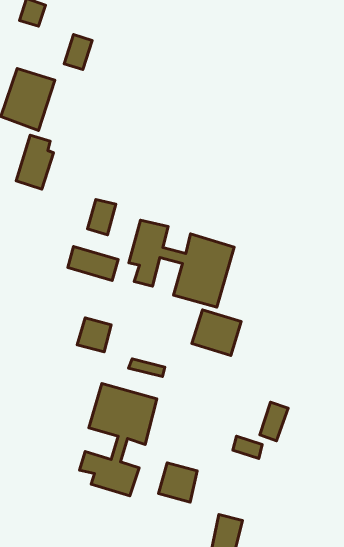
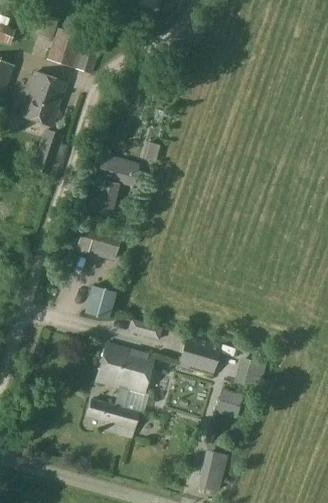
building: none -> [48,28,83,68]
building: none -> [100,157,134,184]
building: [129,220,234,307] -> none
building: [192,310,241,355] -> [180,337,222,376]
building: [159,463,197,502] -> none

